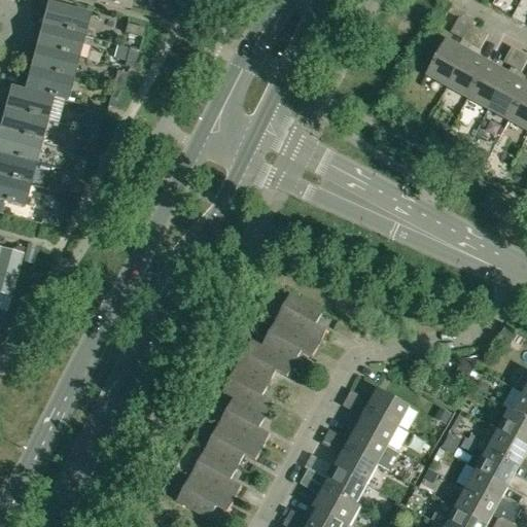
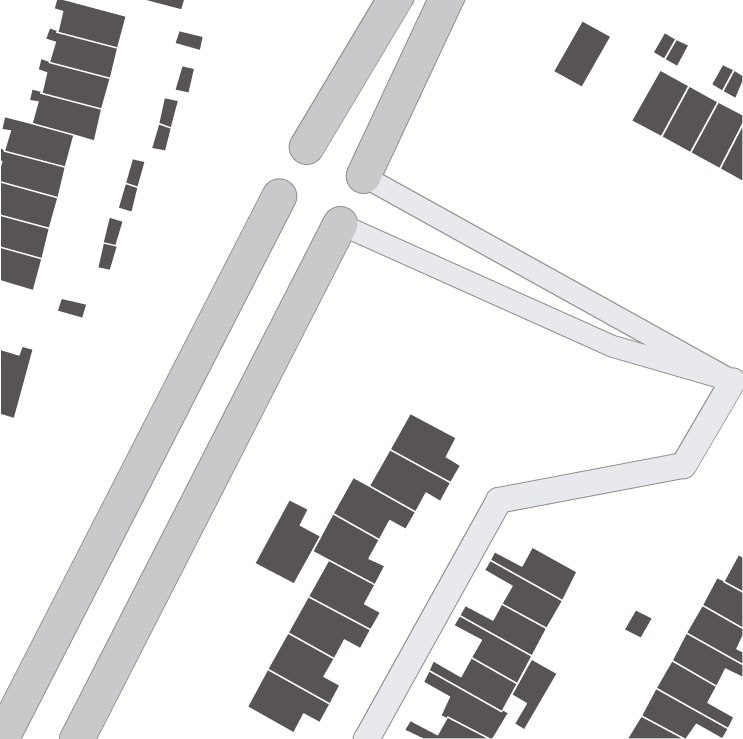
building: [426,38,467,85] -> [553,21,611,87]
building: none -> [255,499,321,584]
building: none -> [512,659,558,730]

